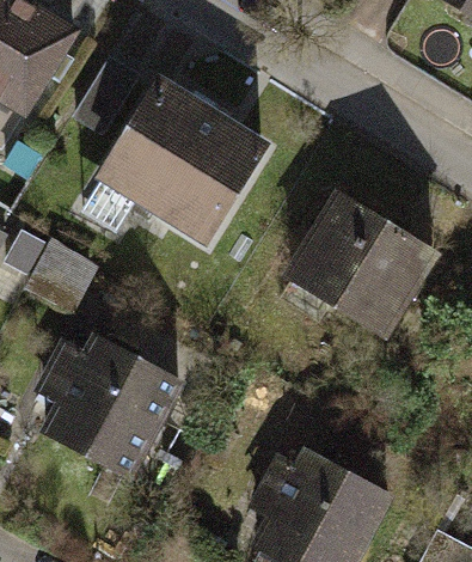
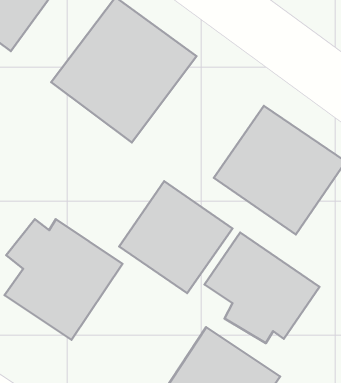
building: none -> [119,181,233,293]
building: none -> [204,233,320,343]

